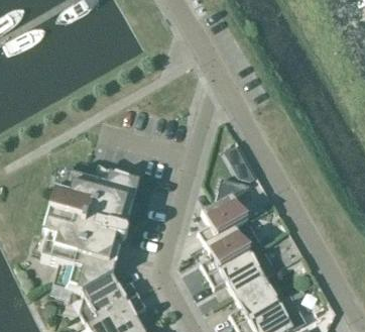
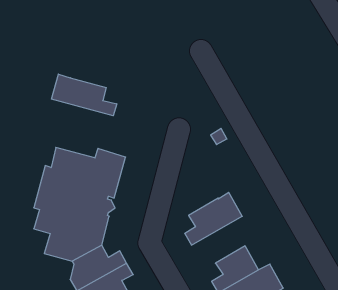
building: none -> [52,74,117,116]
building: [198,178,249,244] -> none
building: [208,245,276,295] -> none

